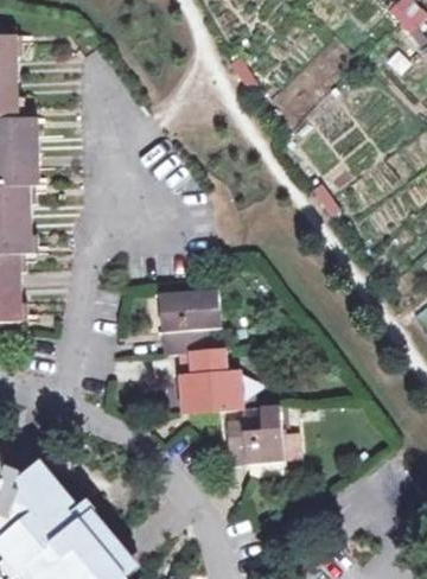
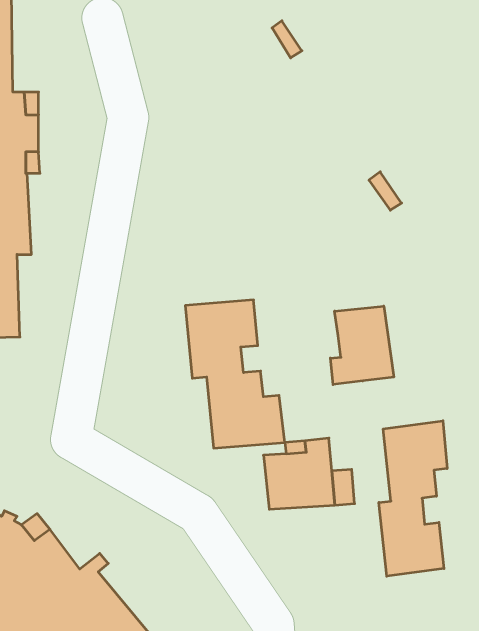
building: none -> [330,306,394,385]
building: none -> [379,421,447,576]

